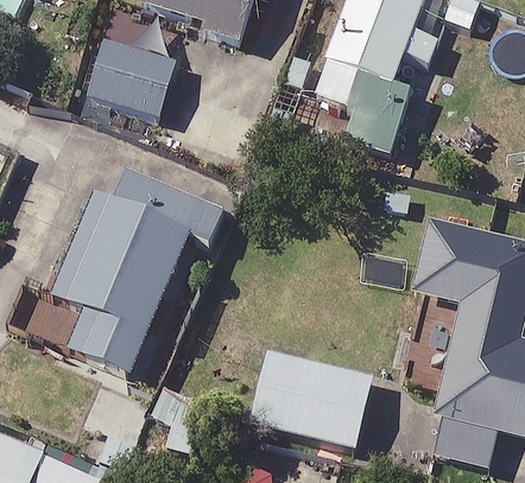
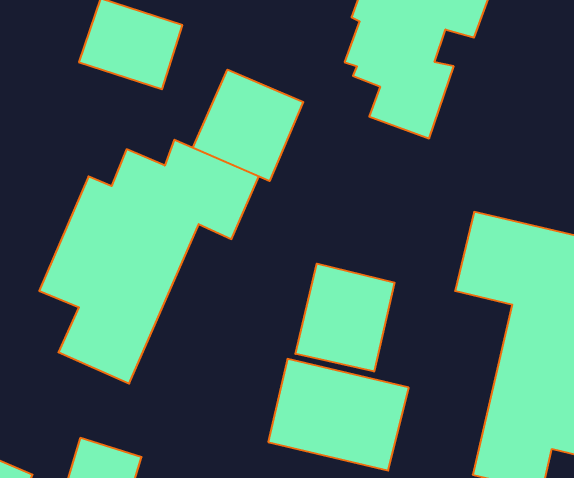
building: none -> [193,70,303,181]
building: none -> [295,264,395,372]

